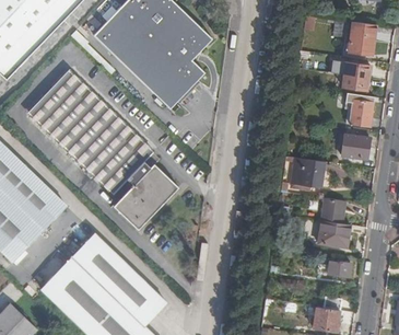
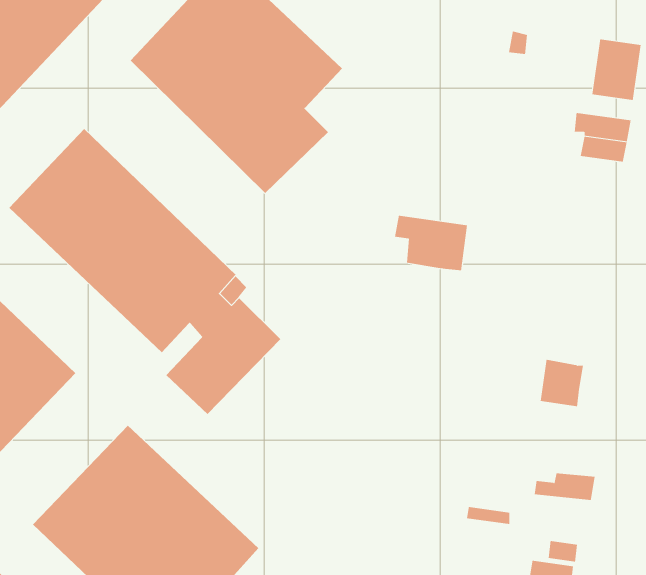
building: [347,94,374,127] -> none
building: [341,130,371,160] -> none
building: [284,158,325,188] -> [394,215,468,271]
building: [318,221,350,249] -> none

